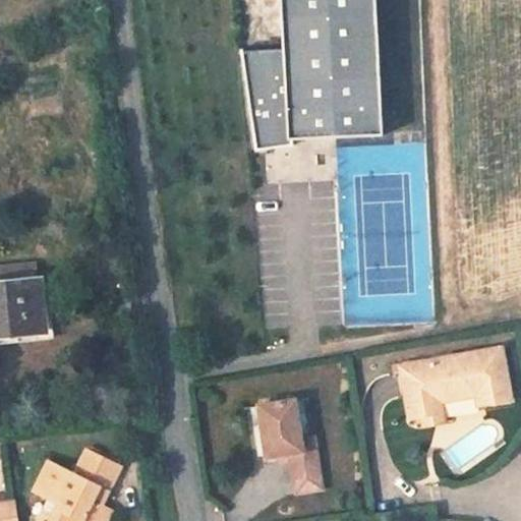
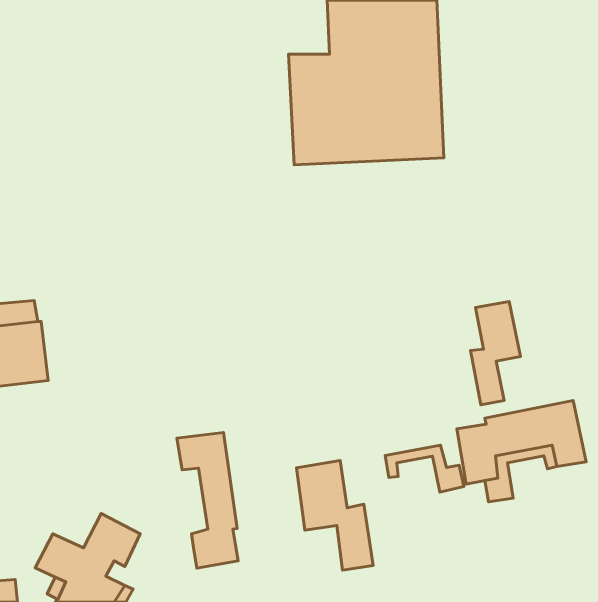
building: none -> [471,302,520,405]
building: none -> [177,433,238,568]
building: none -> [385,445,464,492]

